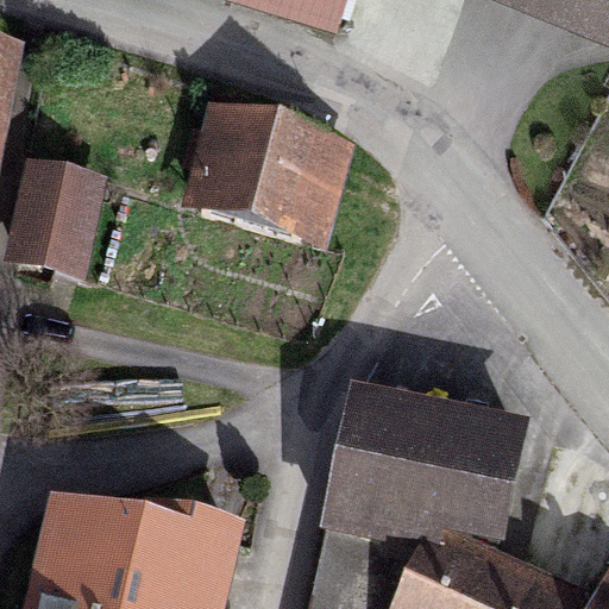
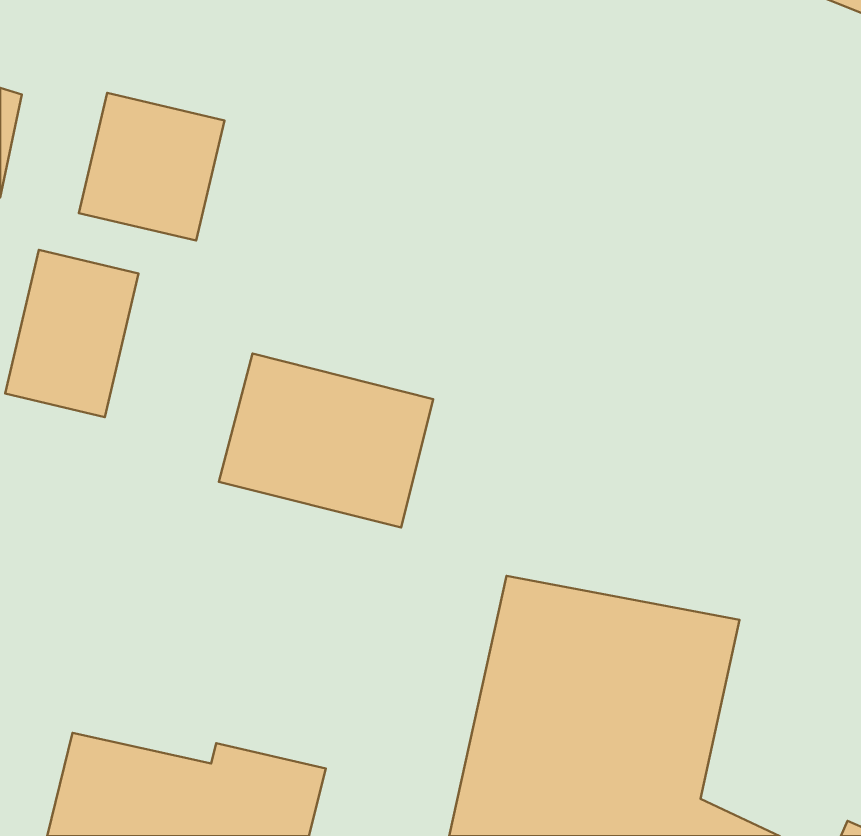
building: none -> [79,93,224,241]
building: [189,120,340,243] -> [219,354,433,527]

